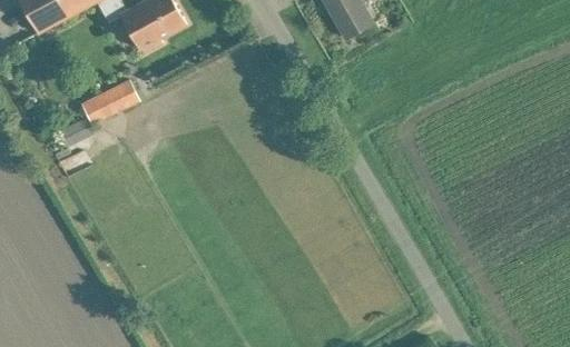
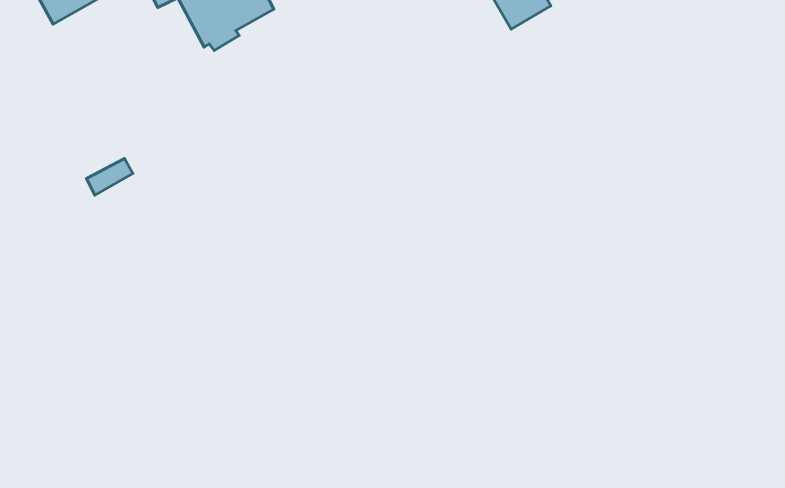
building: [81,80,139,123] -> none

